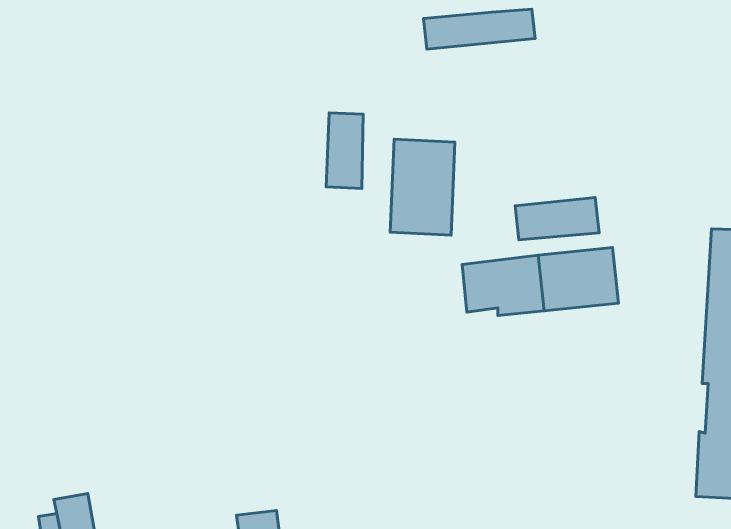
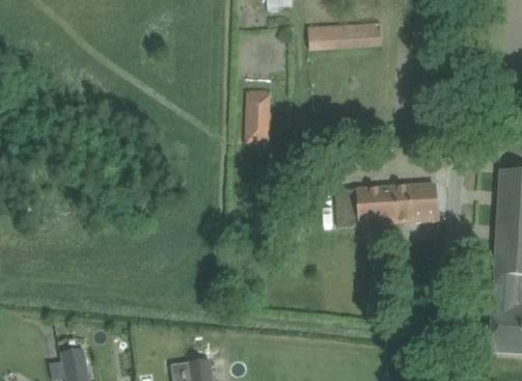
building: [390,139,455,235] -> none
building: [515,197,599,240] -> none

